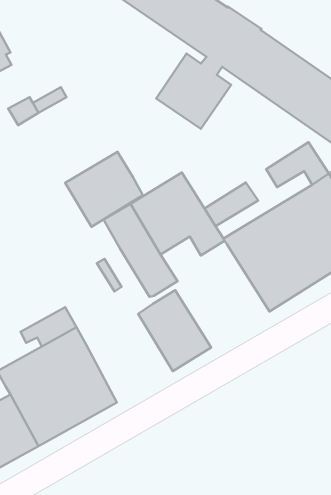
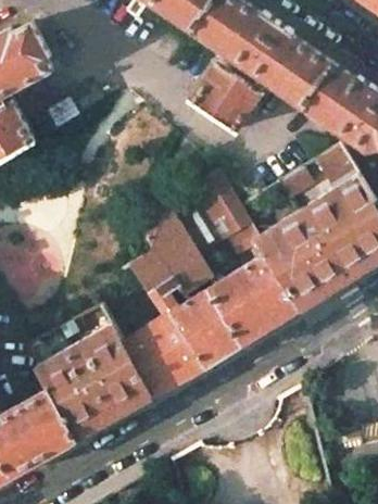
building: [65,152,143,227] -> none
building: none -> [206,245,298,345]
building: none -> [121,313,204,399]

